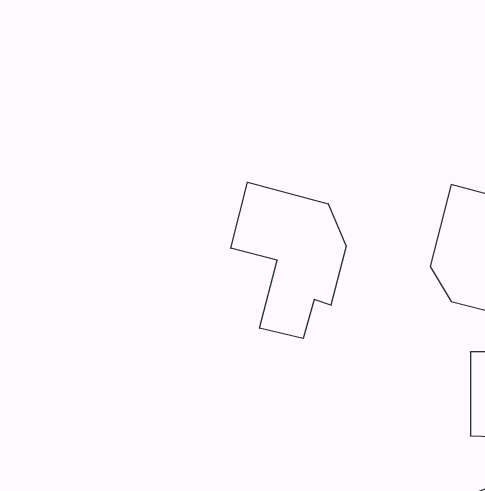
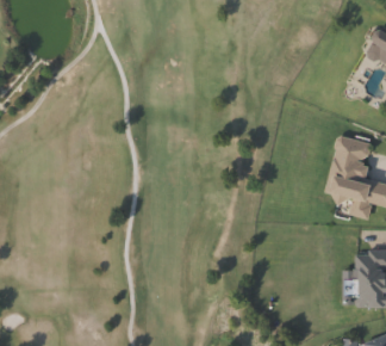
building: [231,182,346,338] -> none

